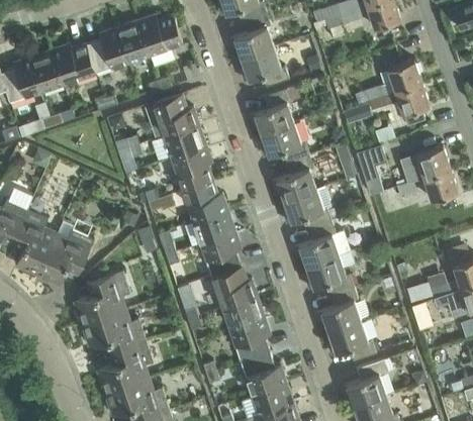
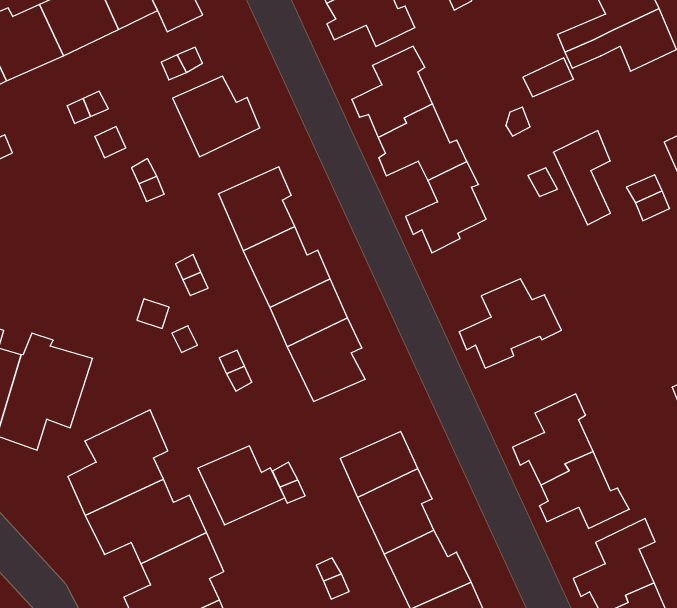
building: [164,124,206,157] -> none
building: [283,187,330,228] -> none
building: [305,251,354,295] -> none
building: [211,267,257,308] -> [198,446,285,525]

